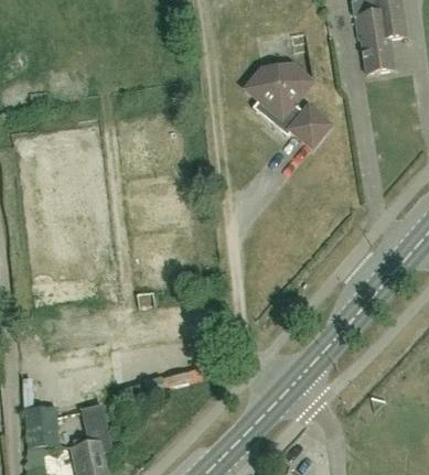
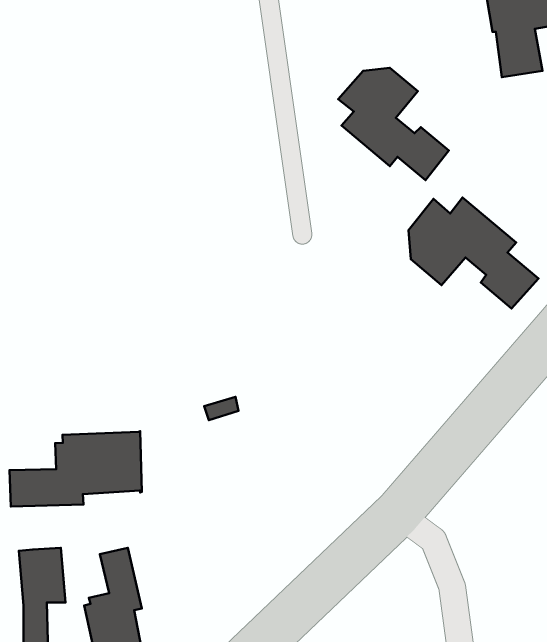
building: none -> [409,198,538,309]
building: none -> [10,431,142,506]

